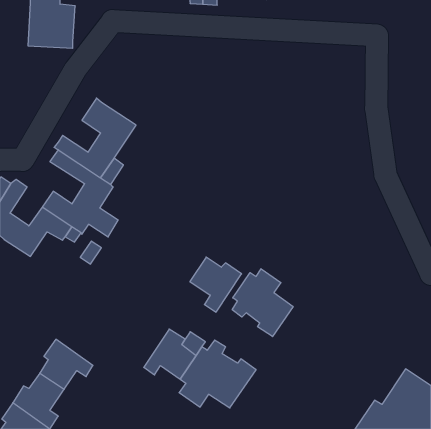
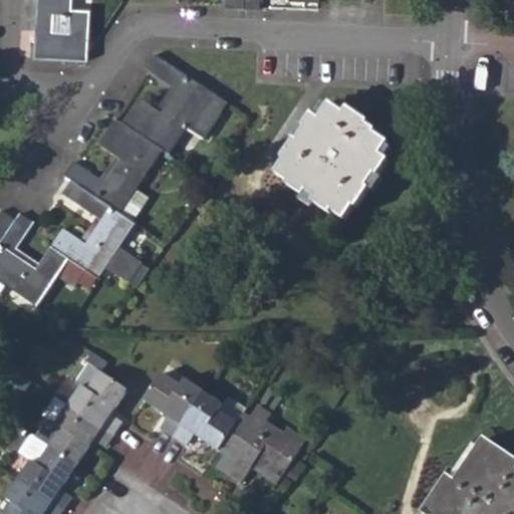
building: none -> [120,53,227,153]
building: none -> [276,103,387,218]
building: [190,257,242,312] -> [140,370,201,436]
building: [232,269,293,337] -> none
building: none -> [66,369,125,434]

